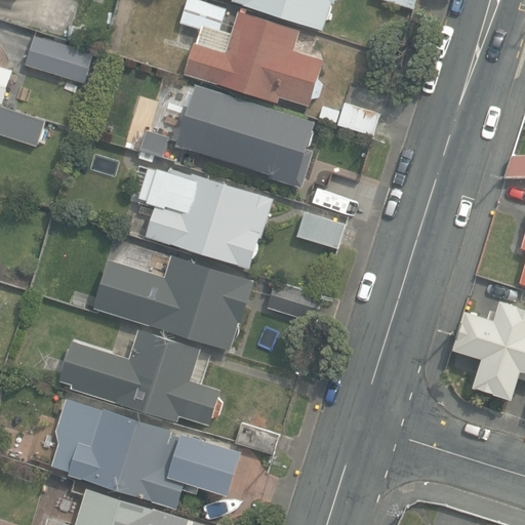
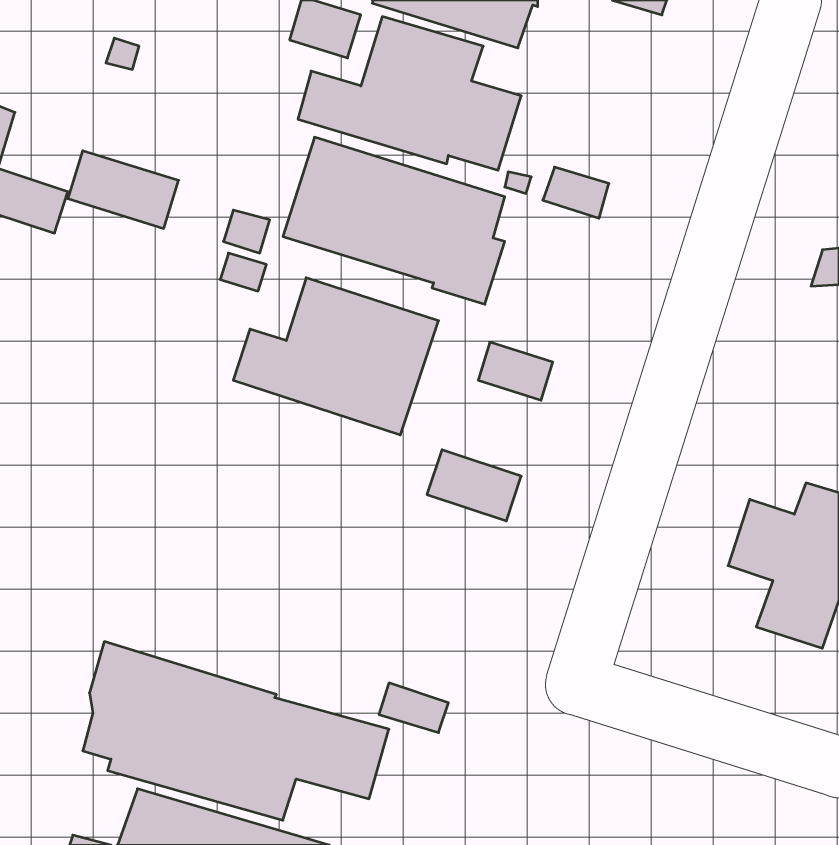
building: [22,34,90,82] -> [68,151,179,228]
building: [91,255,253,351] -> none
building: [56,327,220,425] -> none

